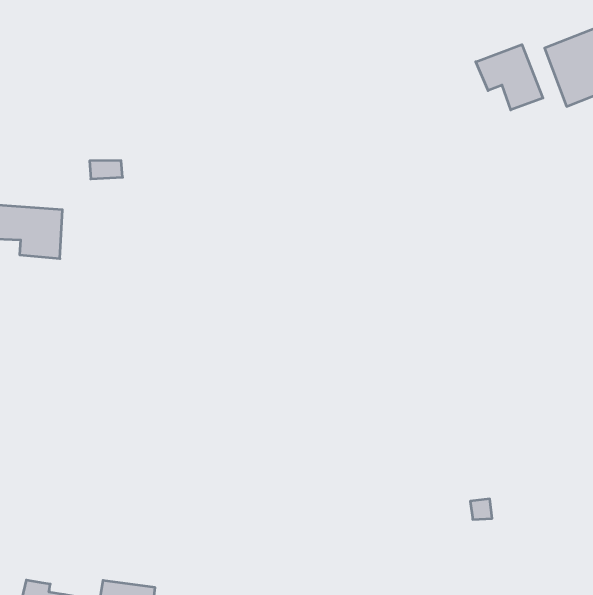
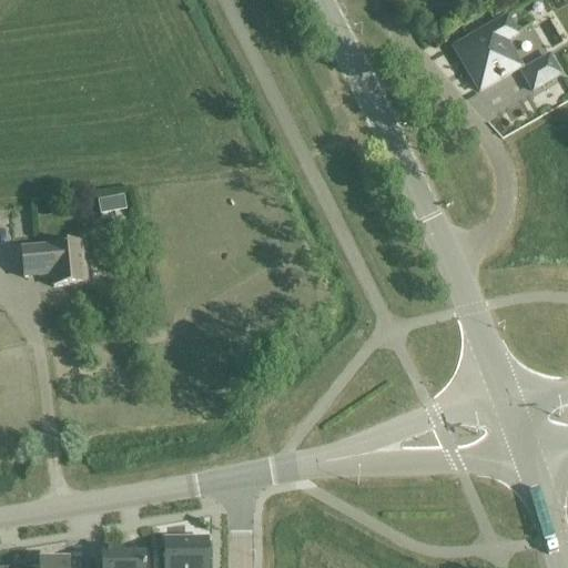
building: [476,45,543,110] -> none

